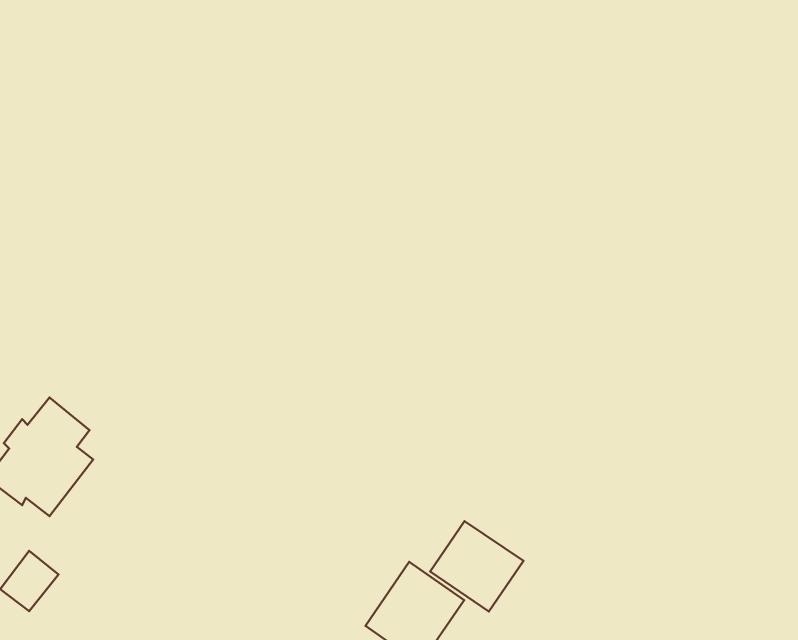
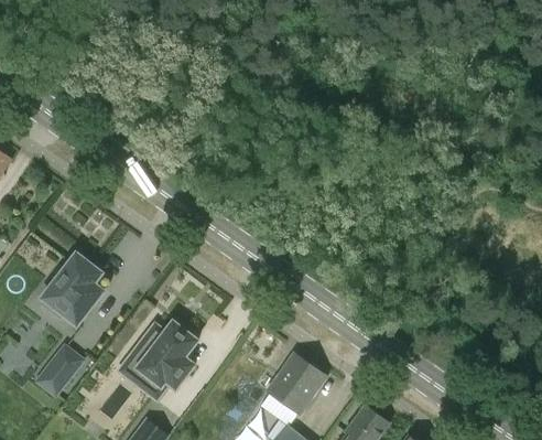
building: none -> [126,321,197,390]
building: [430,521,524,611] -> none

